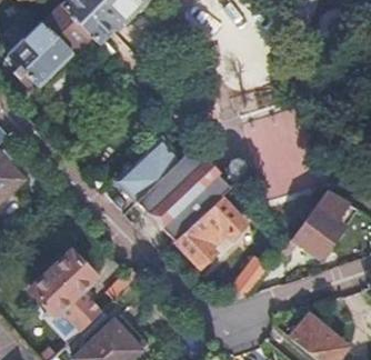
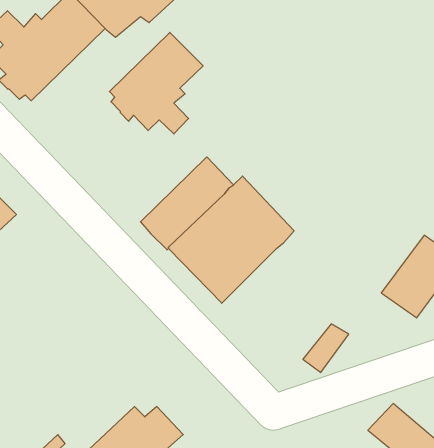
building: none -> [109,32,203,134]
building: [178,197,249,268] -> none
building: [29,249,100,330] -> none

